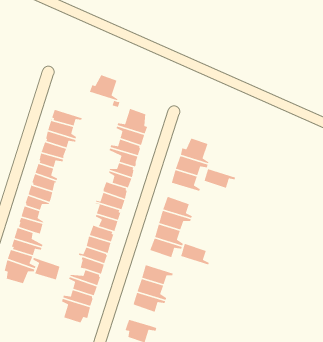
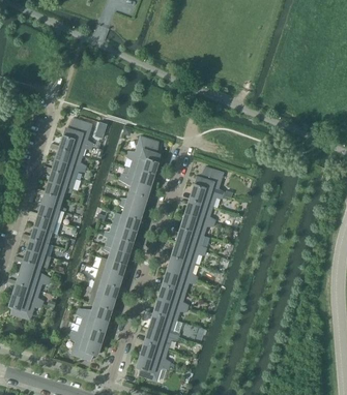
building: [89,74,119,101] -> [62,118,93,146]
building: [204,168,236,189] -> [180,214,214,236]
building: [180,243,210,265] -> [157,284,189,308]
building: [32,257,60,281] -> none
building: none -> [140,341,171,365]

